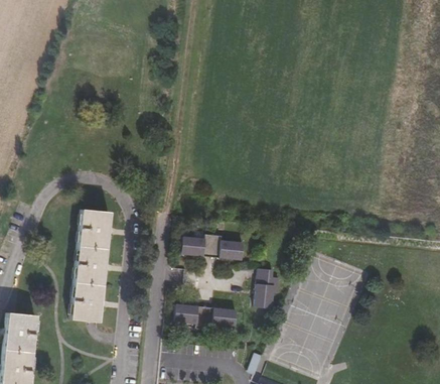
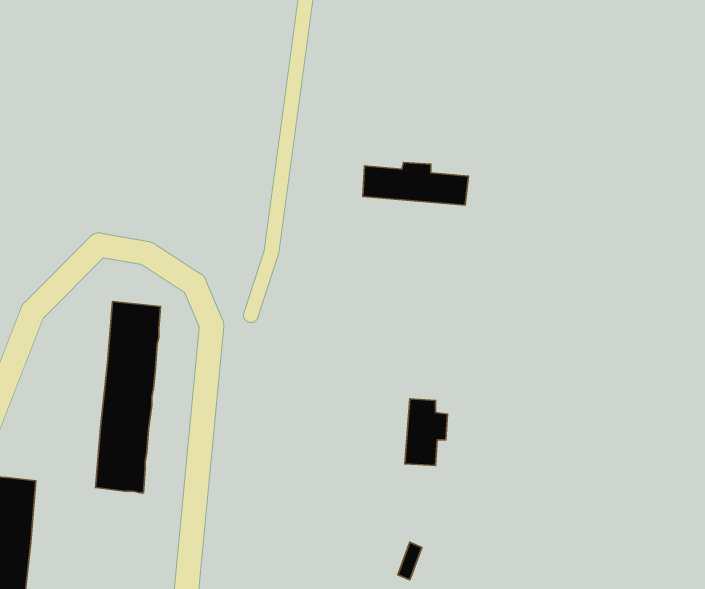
building: [180,234,243,259] -> [363,163,469,205]
building: [174,304,236,330] -> none

